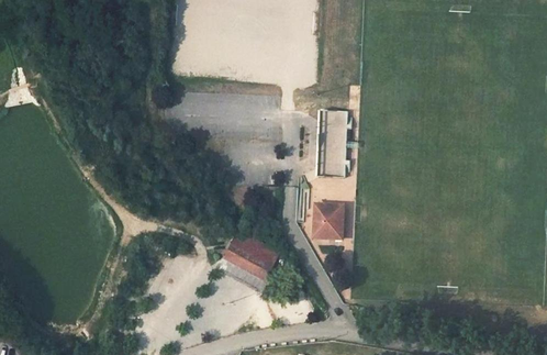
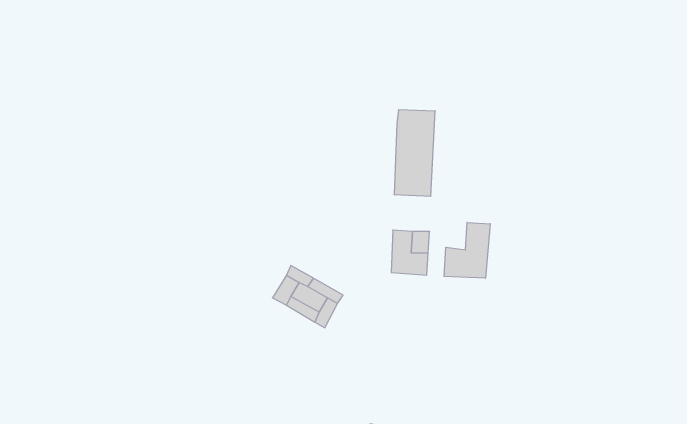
building: none -> [444,222,490,278]

